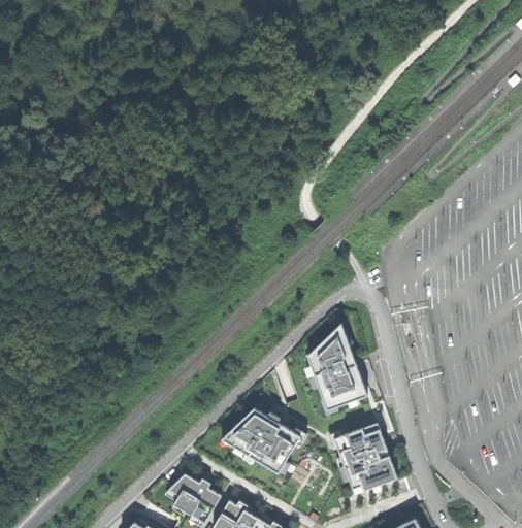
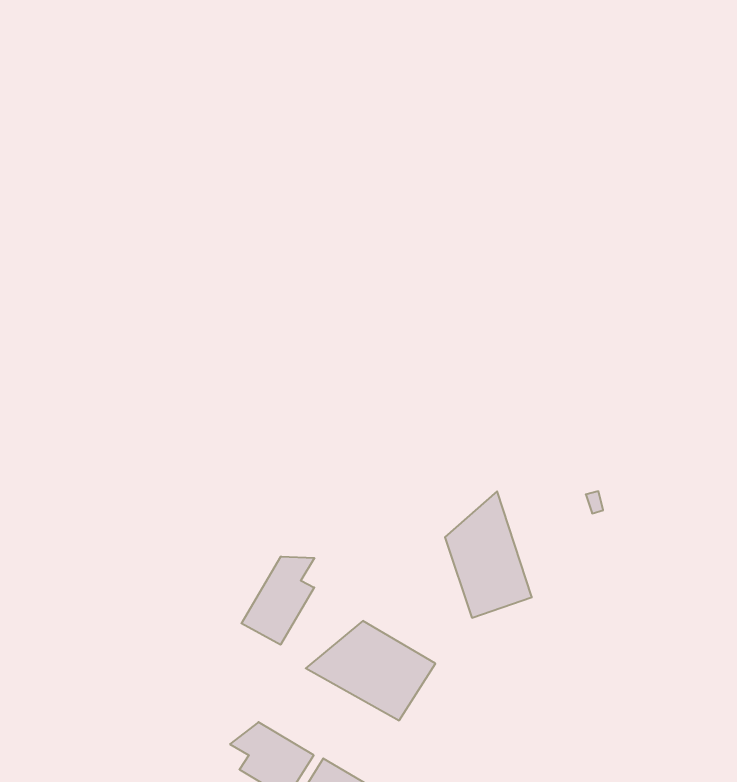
building: none -> [241,556,314,645]
building: [333,426,398,493] -> none

